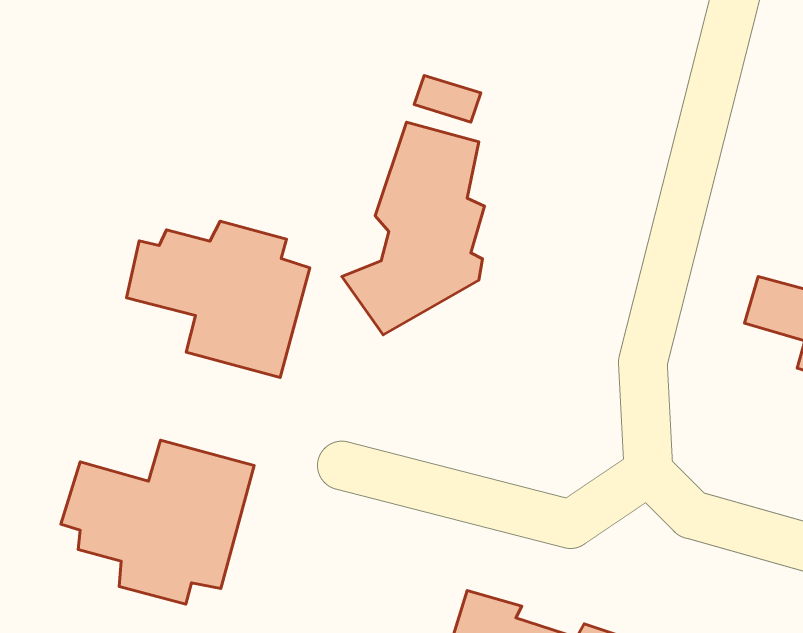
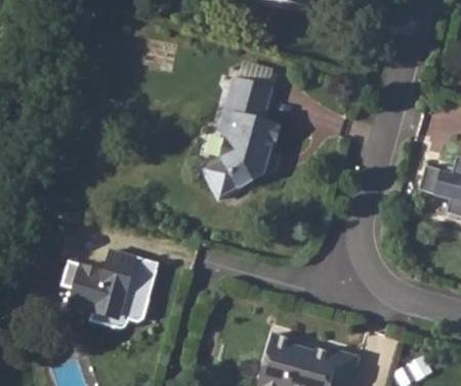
building: [126,221,310,378] -> none

